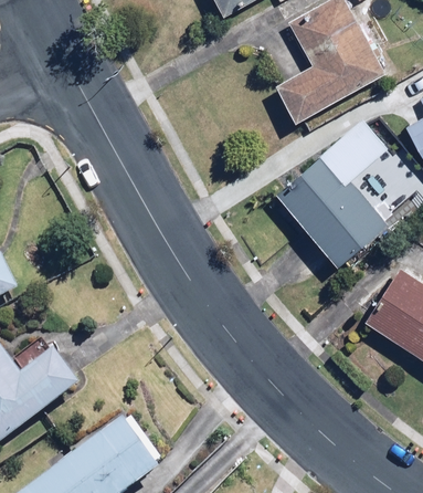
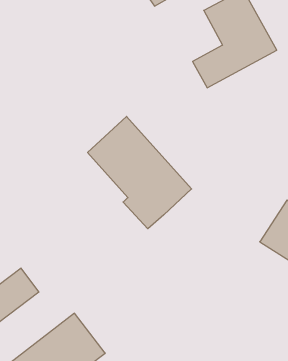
building: [274,118,393,266] -> none
building: none -> [88,116,192,229]

